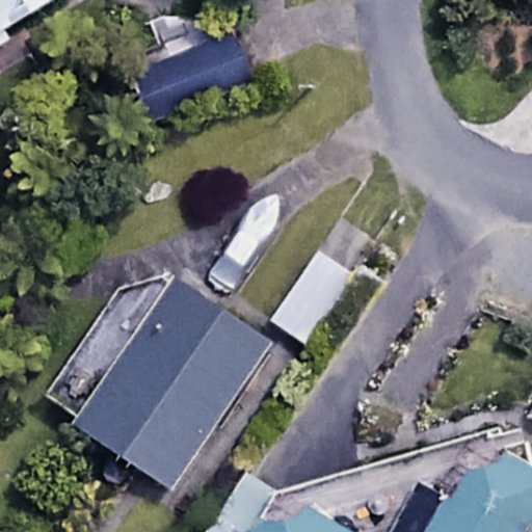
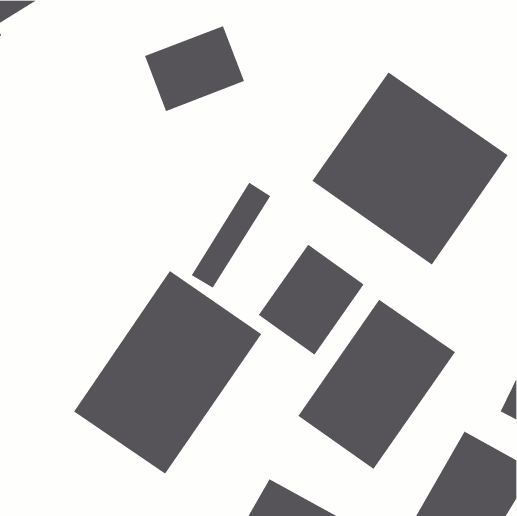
building: none -> [311,71,509,266]
building: none -> [297,299,456,470]

